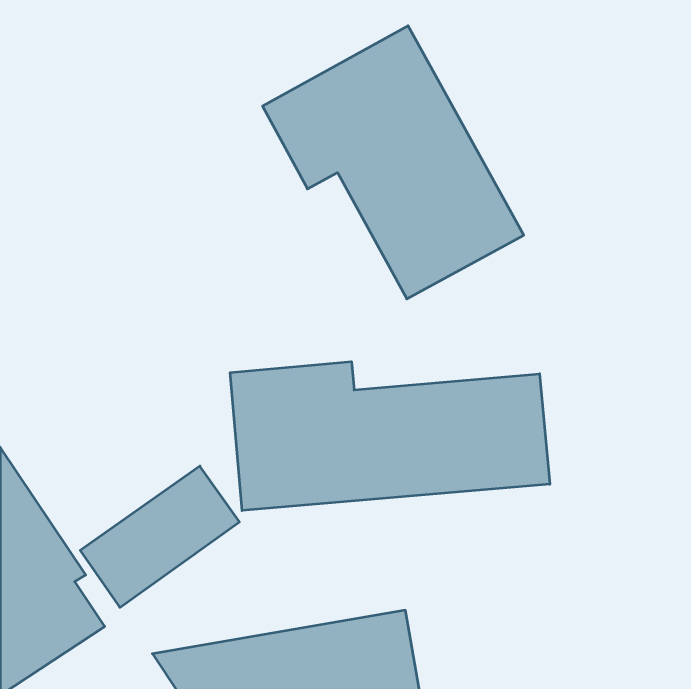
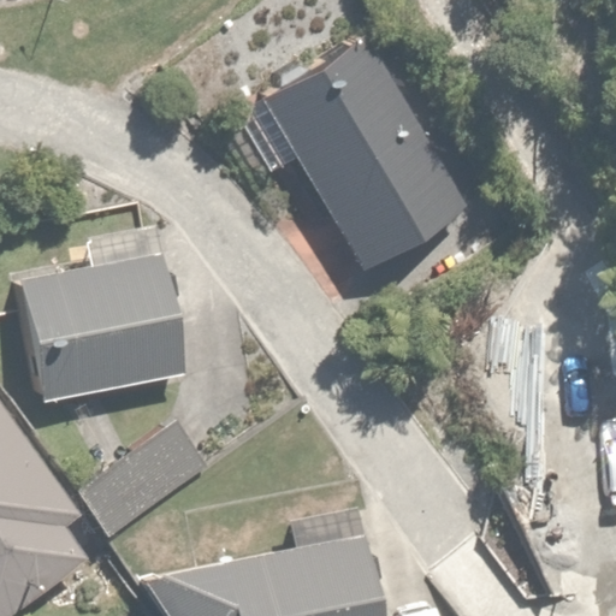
building: none -> [14,223,180,397]
building: [230,362,550,511] -> none

